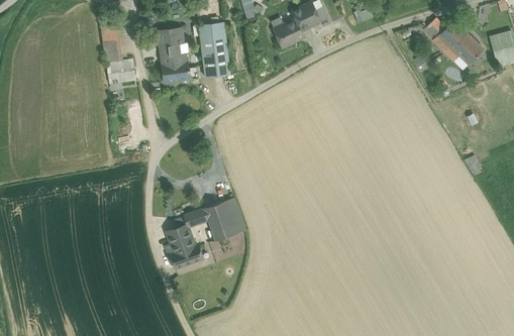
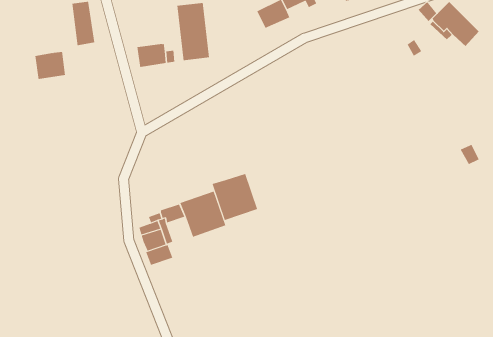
building: [159,27,186,64] -> none
building: [106,59,135,85] -> [35,51,66,80]
building: none -> [212,173,258,221]

